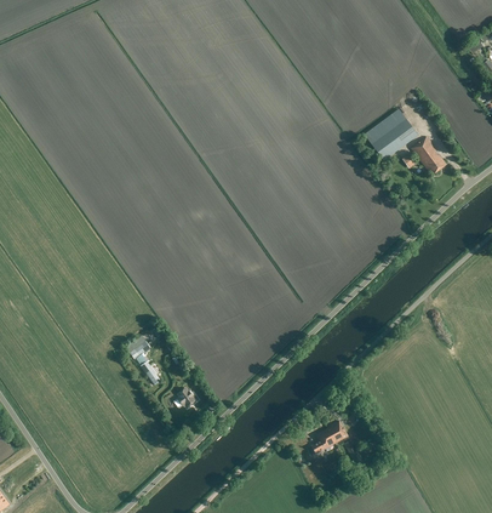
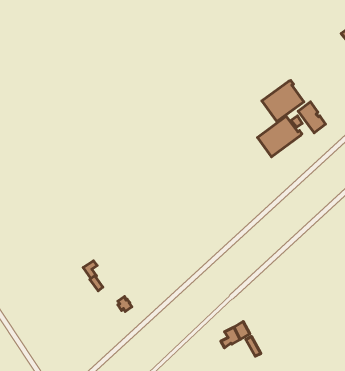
building: none -> [257,116,302,157]

